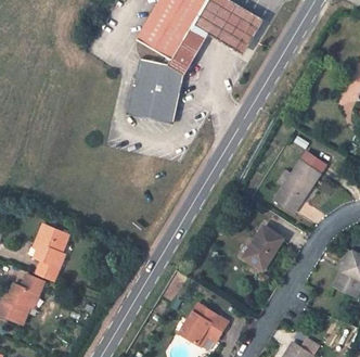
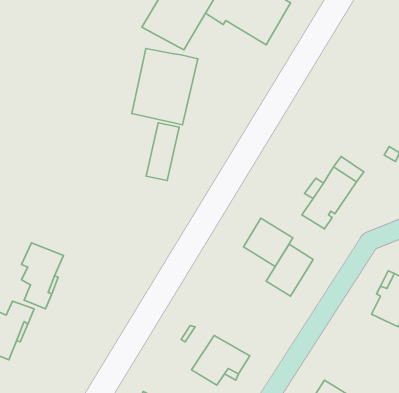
building: [170,28,206,68] -> none
building: none -> [146,123,179,181]
building: none -> [243,218,293,267]

